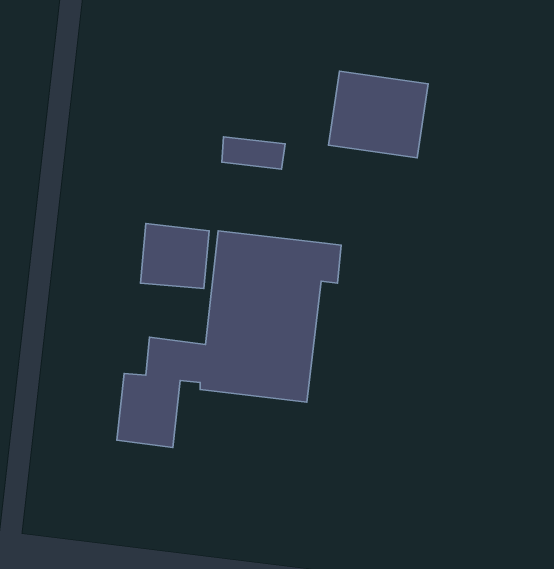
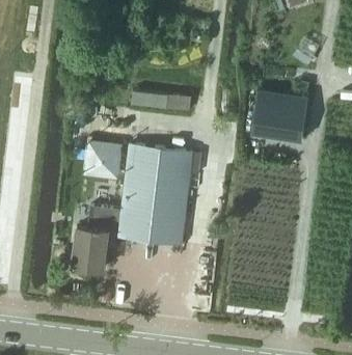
building: [329,71,428,158] -> [250,91,307,141]

